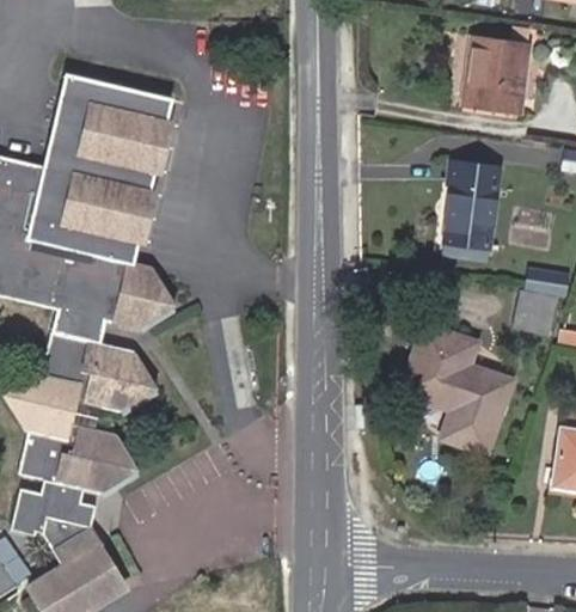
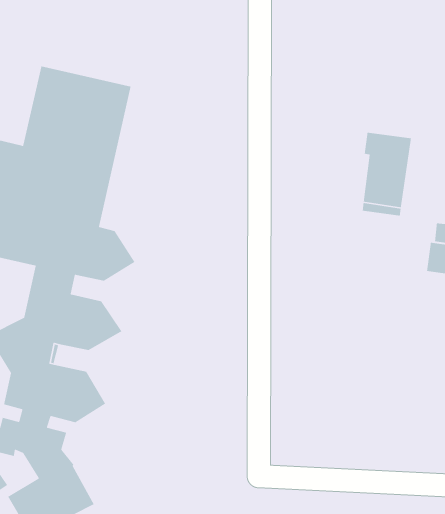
building: [462,23,531,108] -> none
building: [402,322,510,446] -> none

